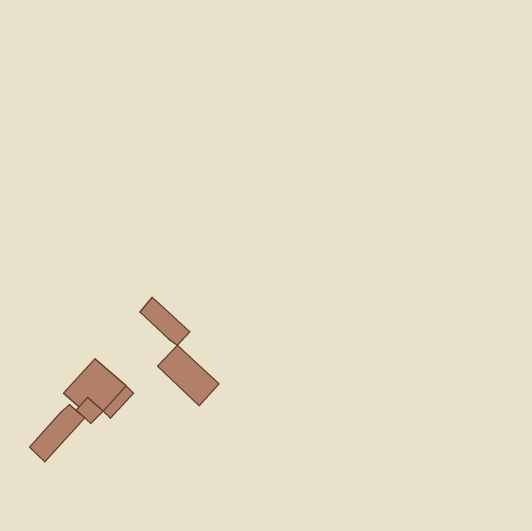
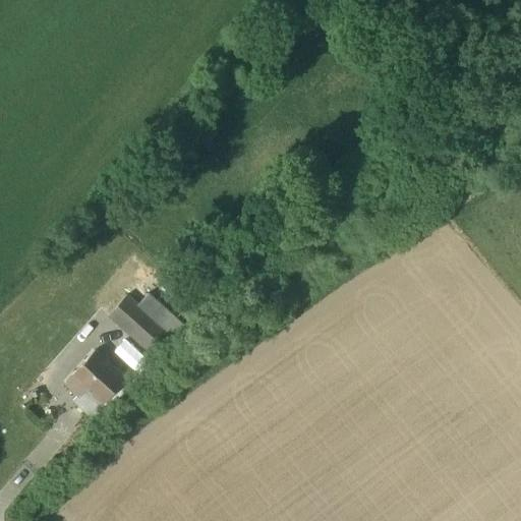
building: [158,345,219,406] -> [106,293,166,352]
building: [30,404,85,462] -> none

